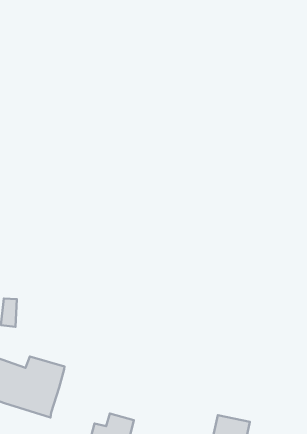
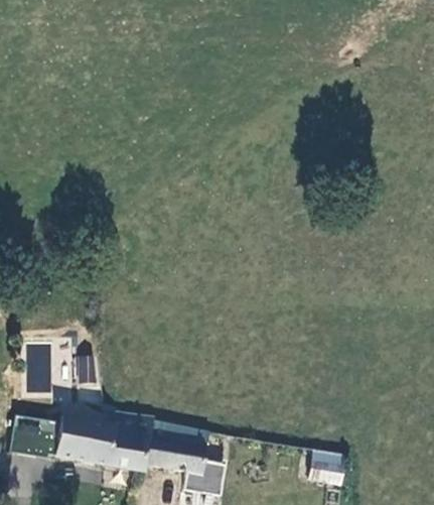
building: none -> [142,421,204,474]

